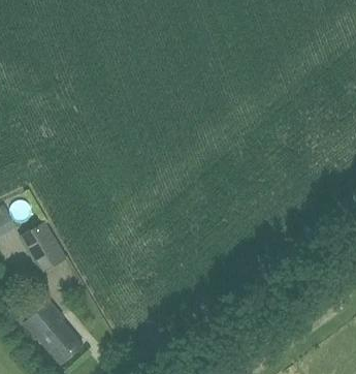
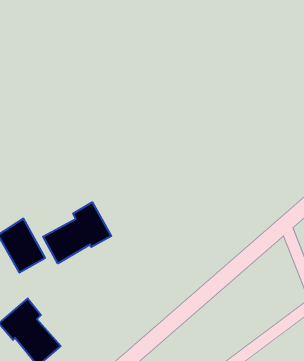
building: none -> [43,202,111,263]

